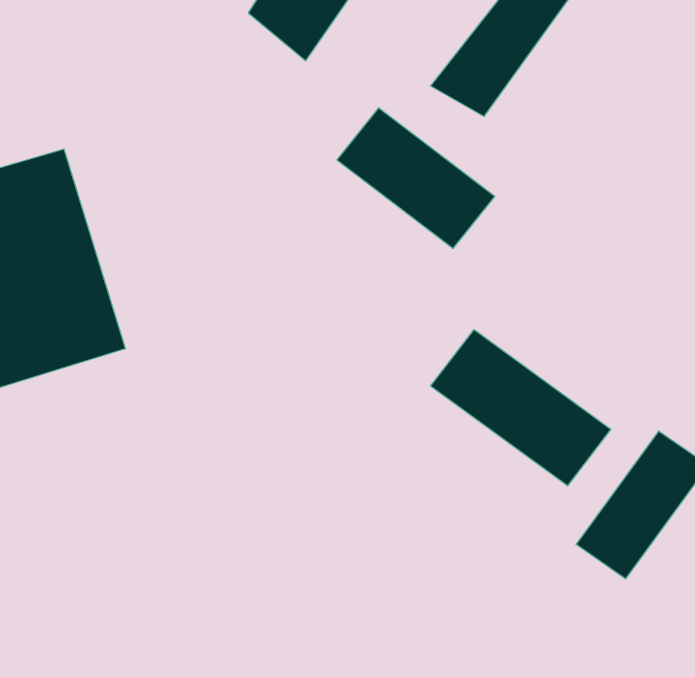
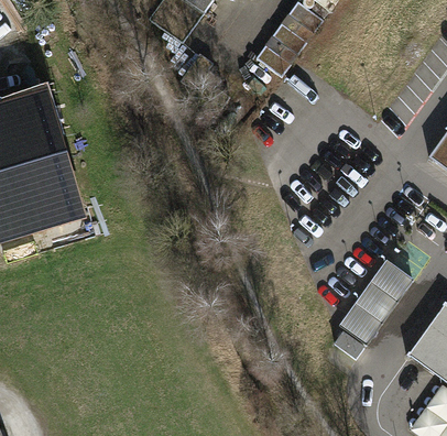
building: [337,108,495,249] -> none
building: [431,330,611,486] -> none

